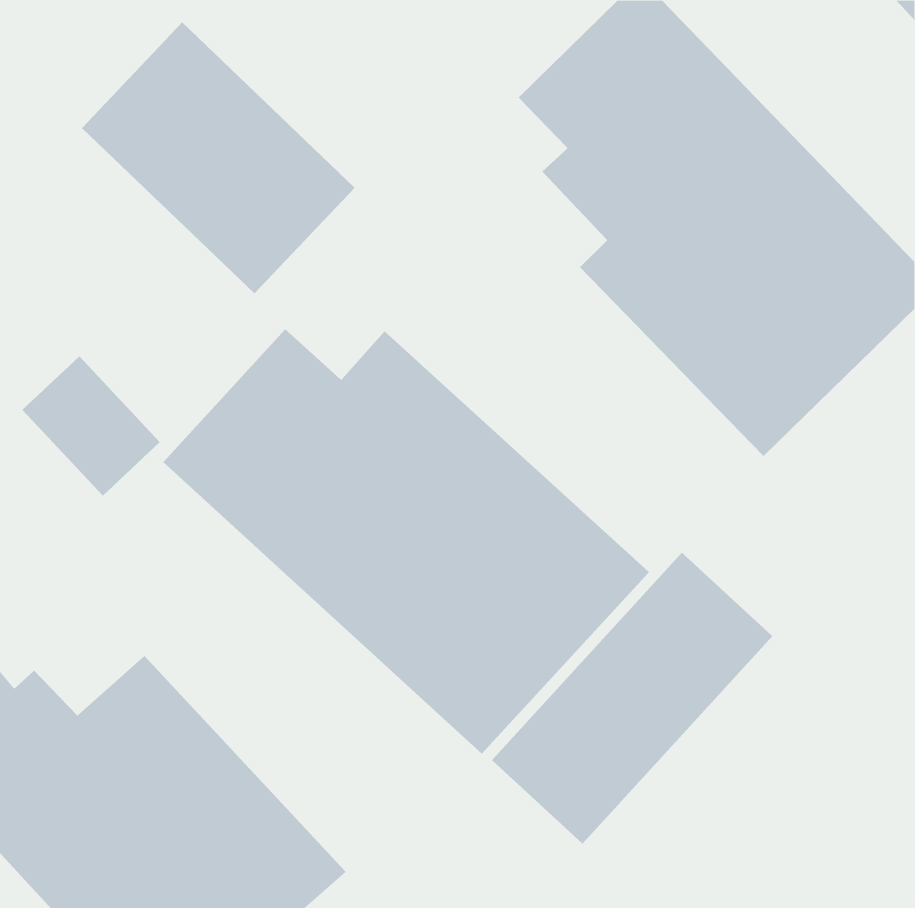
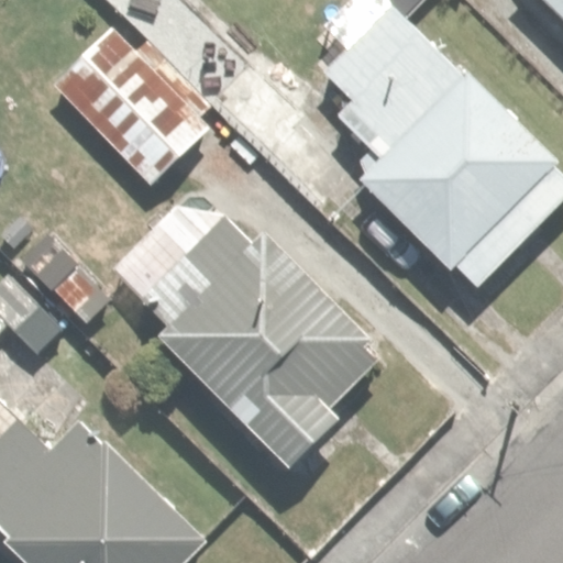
building: [491,552,773,845] -> none

